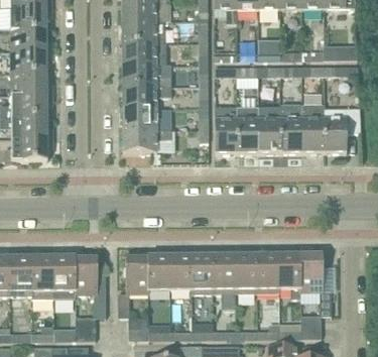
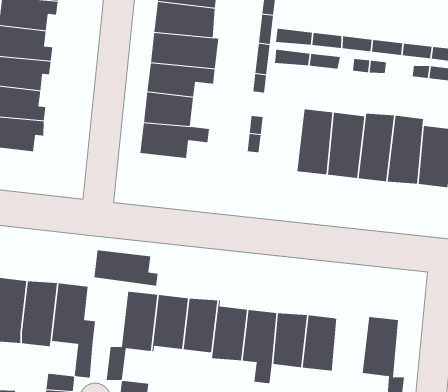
building: [215,106,237,152] -> none
building: none -> [94,250,158,286]
building: [278,250,300,298] -> none

